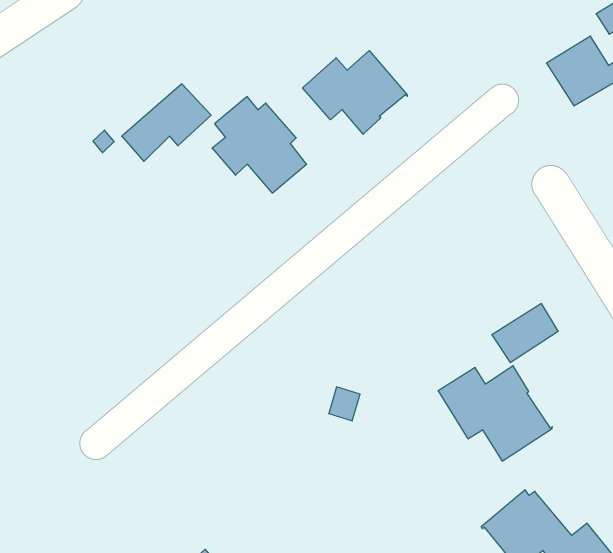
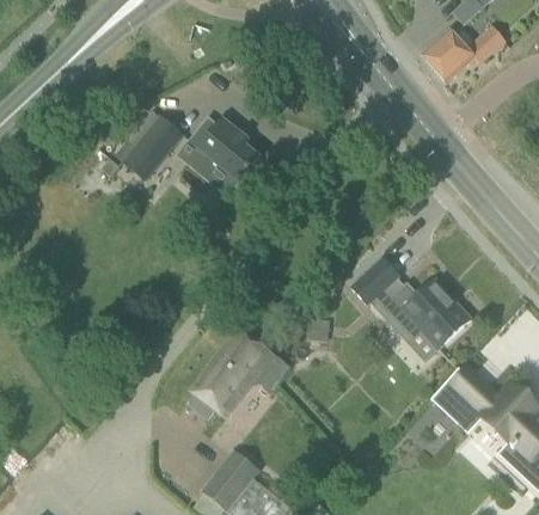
building: [303,51,407,134] -> none
building: [492,304,558,363] -> [351,259,399,306]
building: none -> [190,326,287,418]

